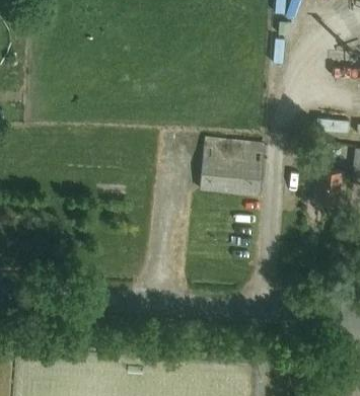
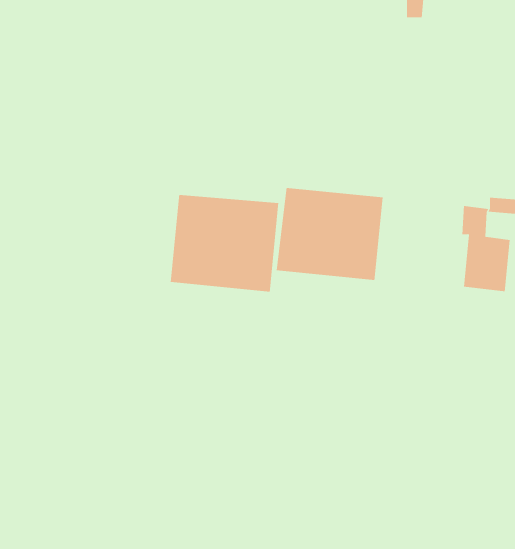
building: none -> [170,194,279,292]

